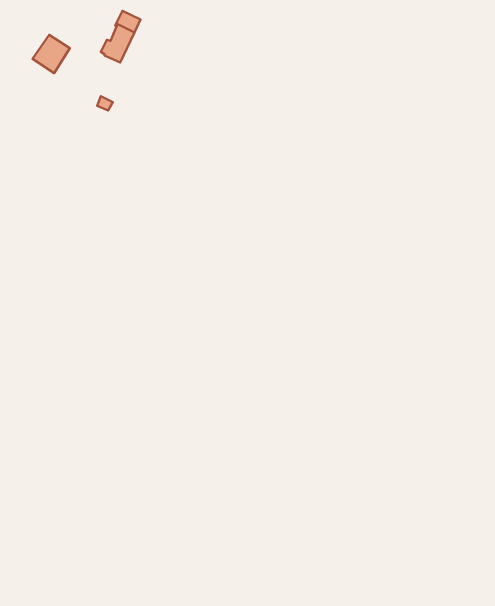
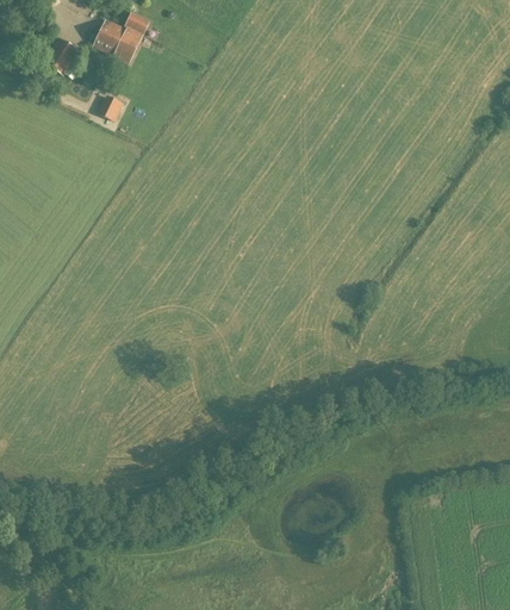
building: none -> [93,19,125,54]

